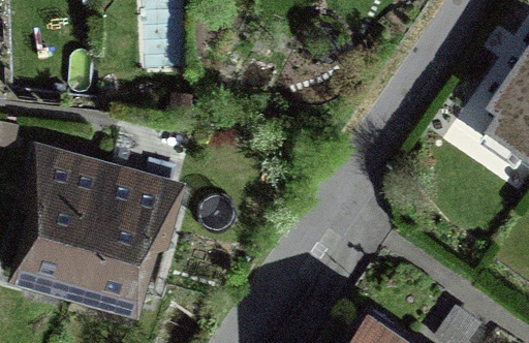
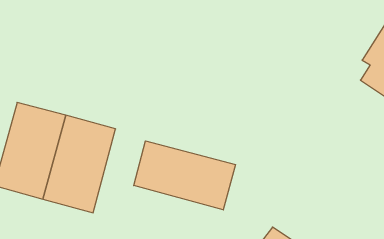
building: none -> [134,141,235,210]

